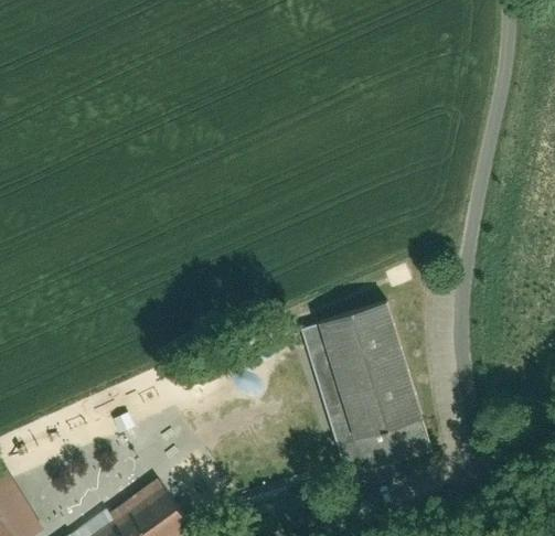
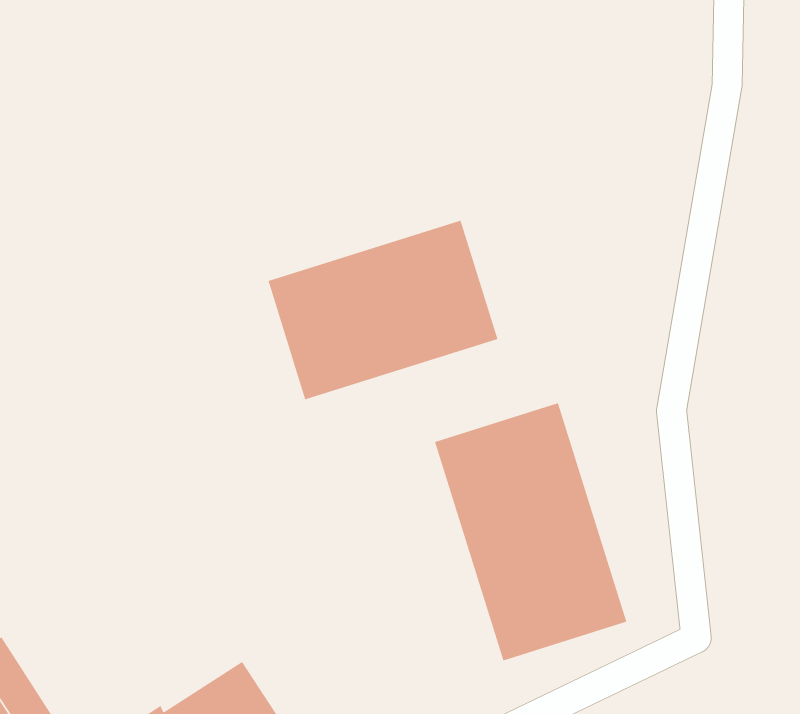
building: none -> [268,220,498,400]

